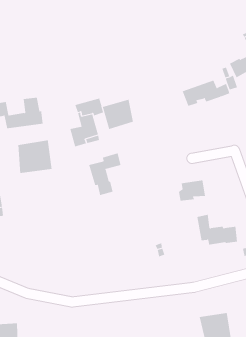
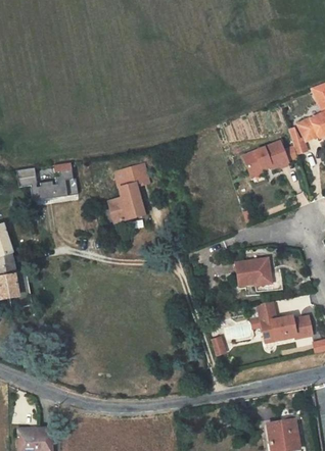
building: [102,99,134,130] -> none
building: [18,140,52,174] -> none
building: [89,153,121,196] -> none

